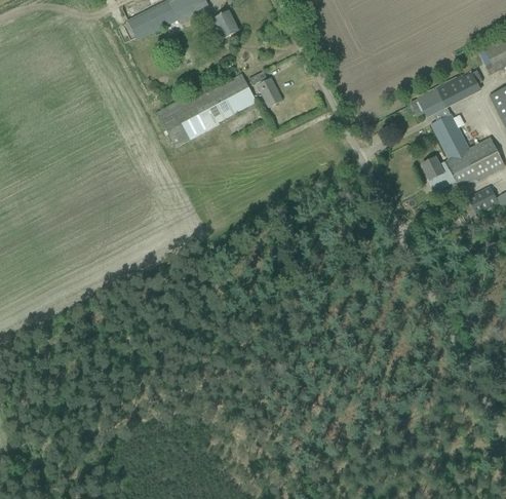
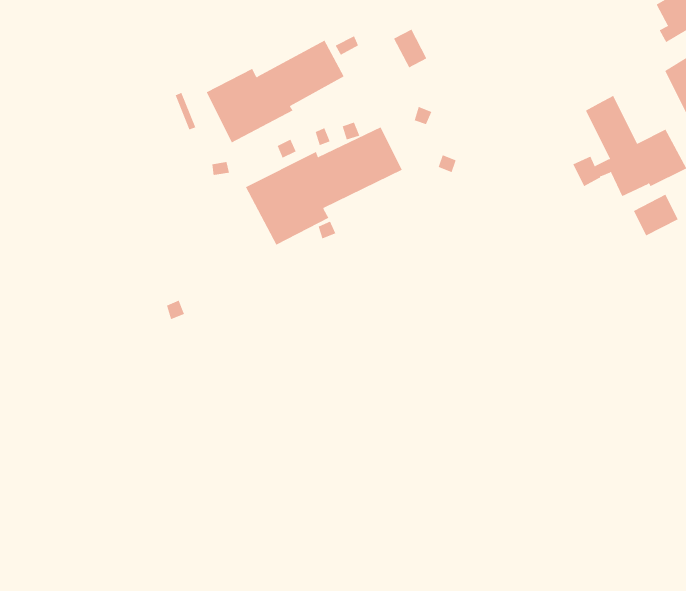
building: [417,70,480,117] -> none
building: [258,78,282,107] -> [393,29,427,68]
building: none -> [245,127,402,246]

